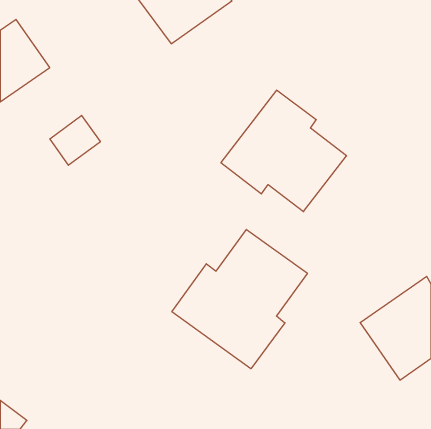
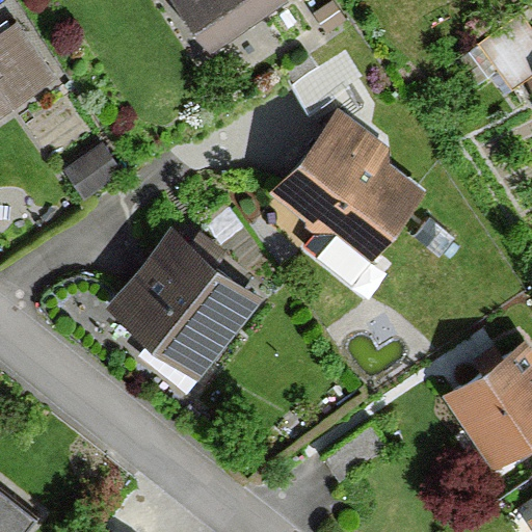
building: none -> [106,230,262,381]
building: [172,229,307,369] -> none

